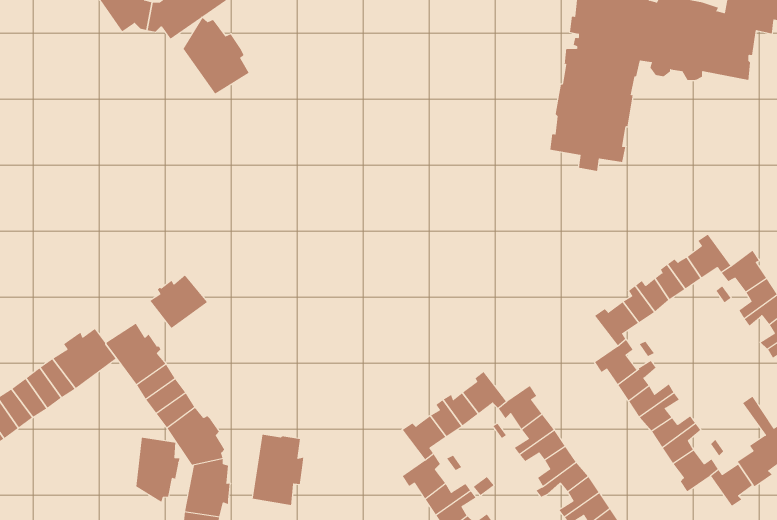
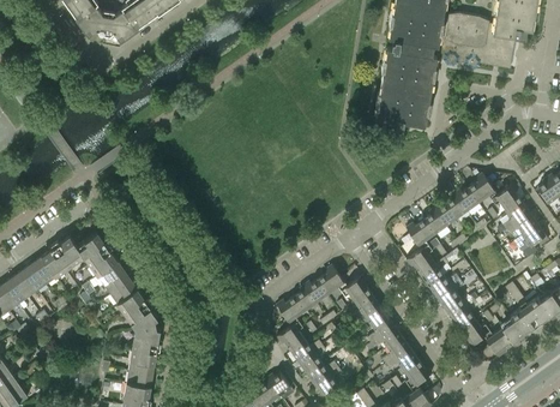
building: [183,17,249,94] -> none
building: [150,274,207,329] -> none
building: [252,434,304,506] -> none
building: [134,437,180,503] -> none

